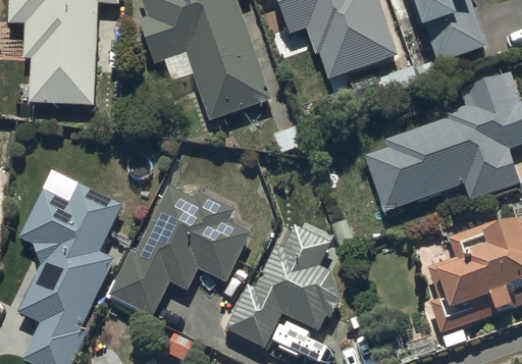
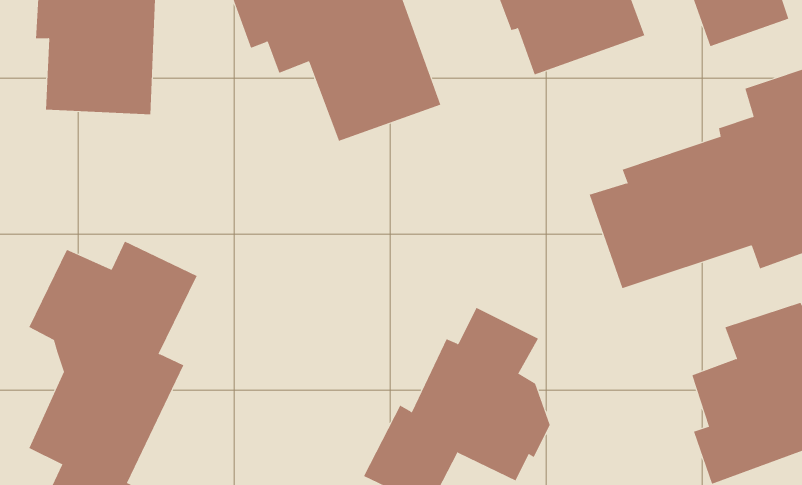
building: [103,184,249,316] -> none

